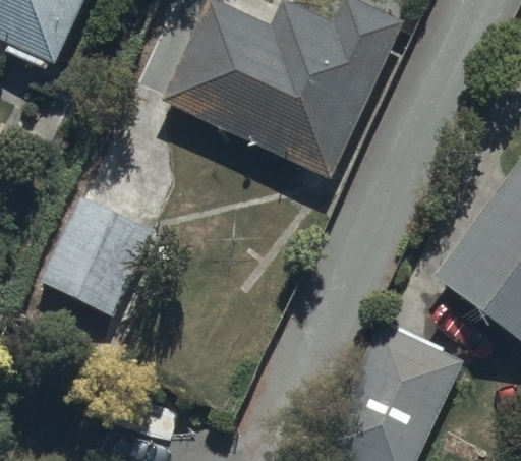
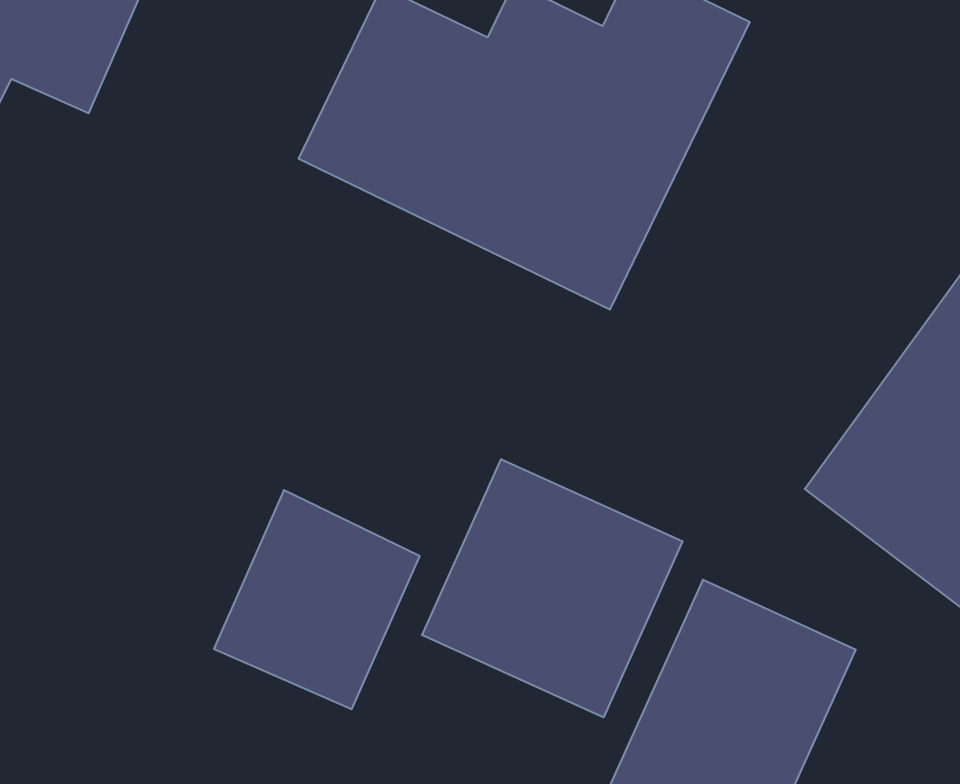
building: [41,194,152,312] -> [214,490,420,709]
building: none -> [422,459,683,717]

